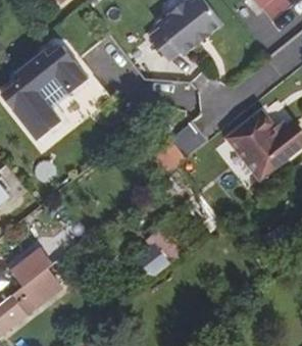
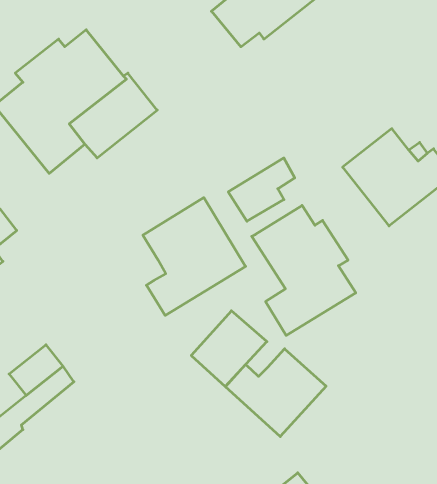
building: none -> [143,198,246,315]
building: none -> [252,205,356,335]
building: none -> [226,349,326,437]

